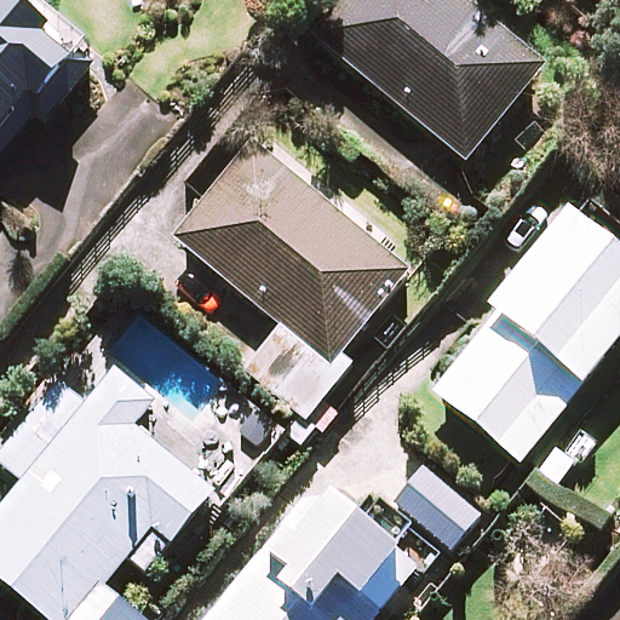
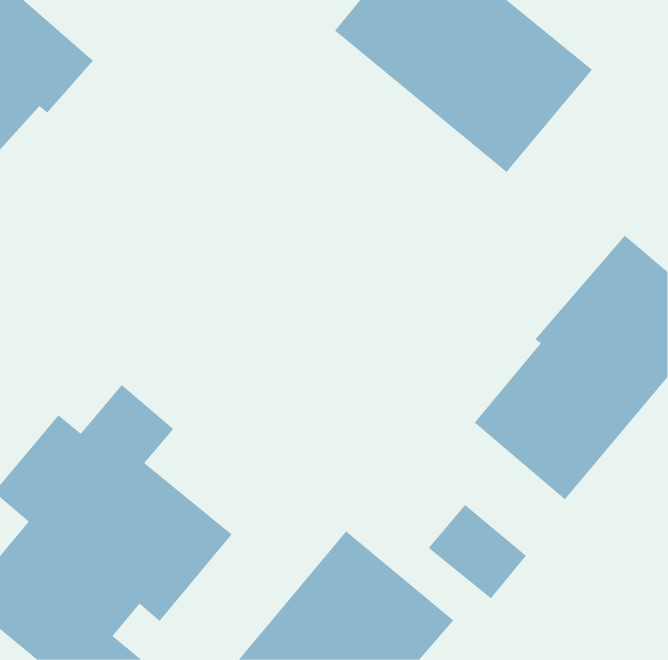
building: [173,139,407,411] -> none

